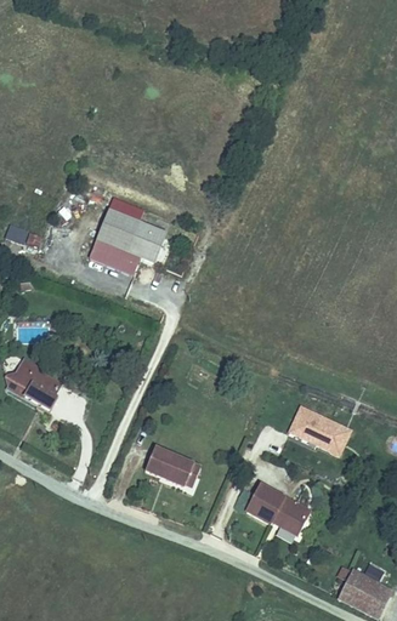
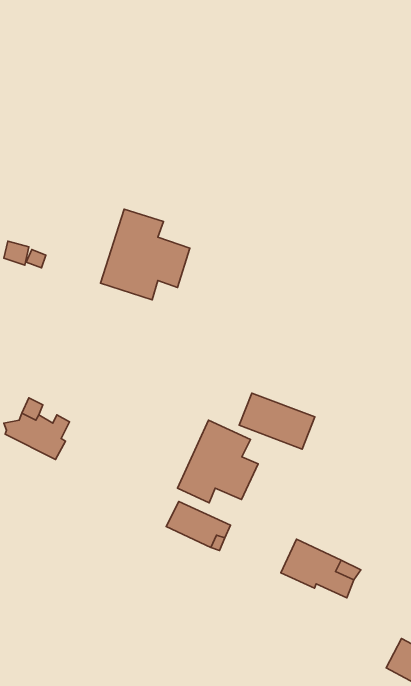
building: none -> [177,420,258,503]
building: [287,405,352,454] -> [239,393,315,449]

